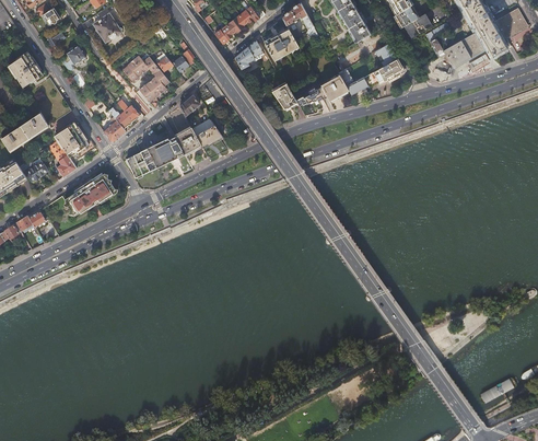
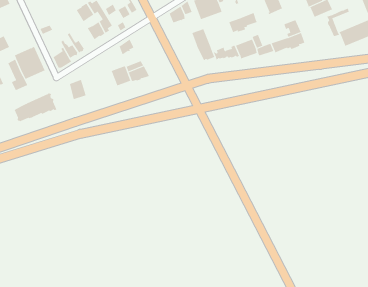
building: none -> [229,12,257,33]
building: [140,137,184,171] -> none

